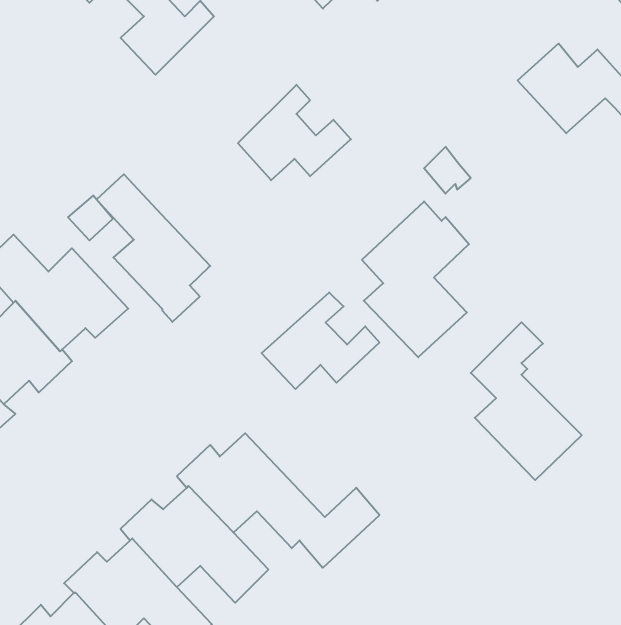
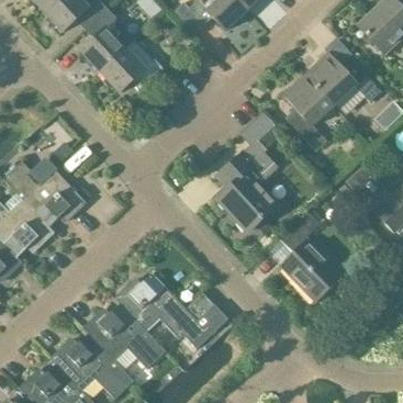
building: none -> [283,75,333,150]
building: [238,85,351,180] -> [101,38,165,92]
building: [97,174,210,322] -> none
building: [262,292,379,389] -> none

